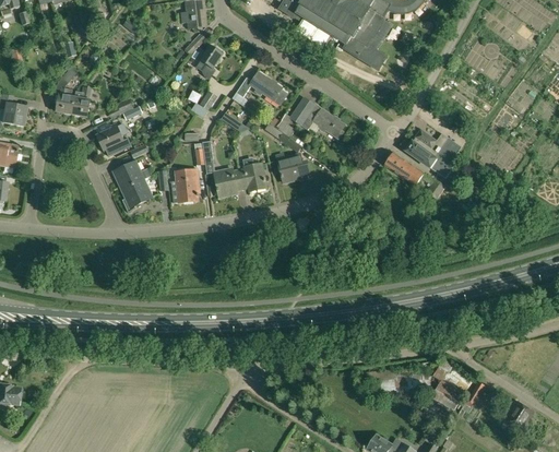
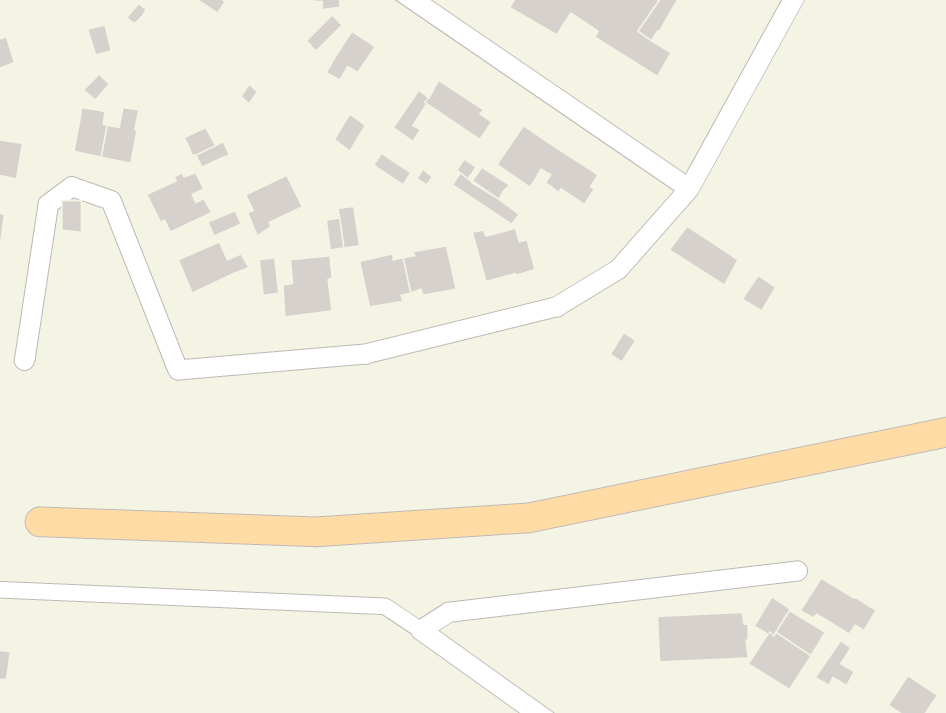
building: [405,129,461,177] -> none
building: [120,178,152,212] -> [245,175,303,236]
building: none -> [800,578,876,634]

